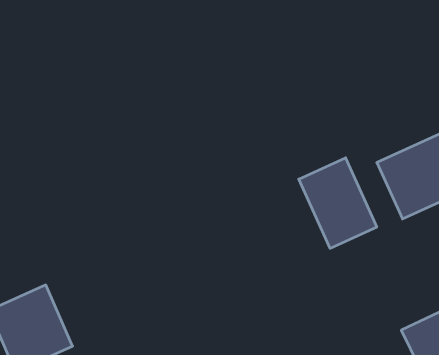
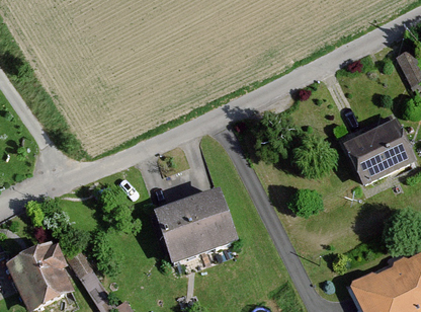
building: [299,158,377,248] -> none
building: none -> [147,191,231,264]

